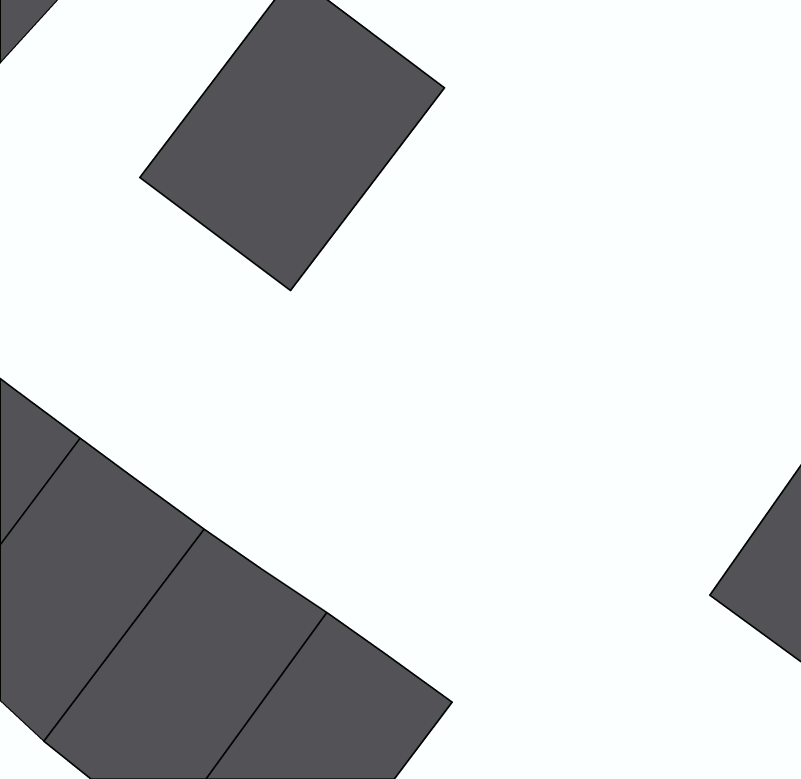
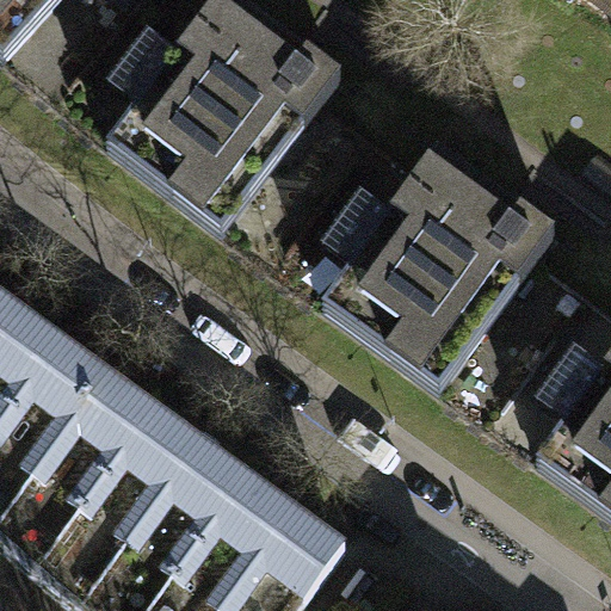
building: none -> [322,140,551,381]

